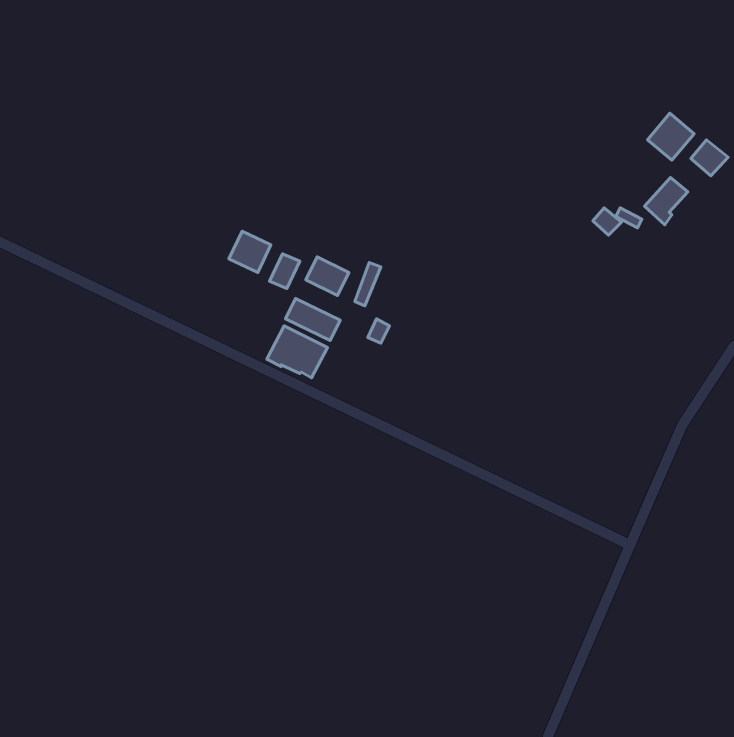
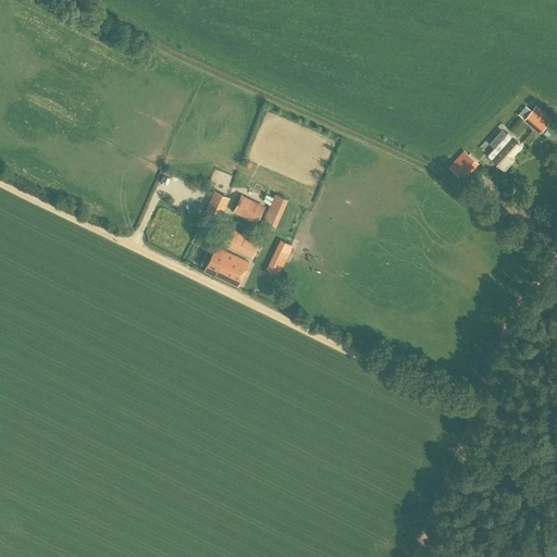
building: [648,113,694,160] -> none
building: [229,231,271,273] -> none

